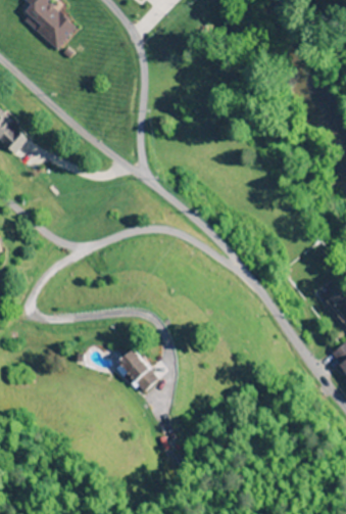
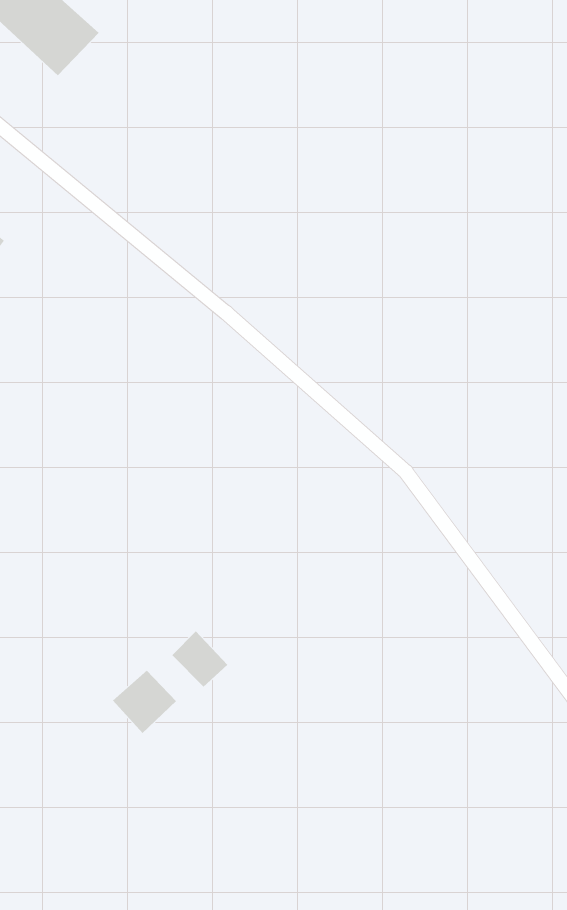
building: none -> [112,670,177,734]

